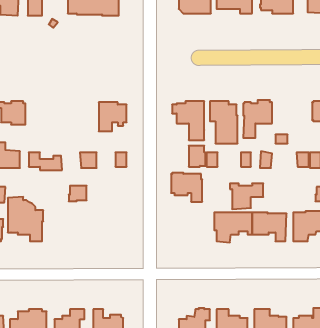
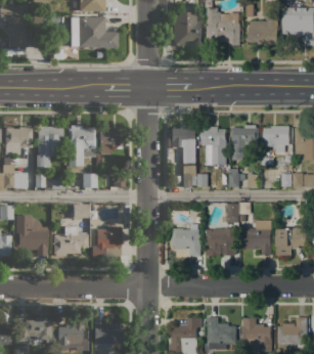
building: none -> [66,126,94,166]
building: none -> [35,127,62,169]
building: none -> [263,127,288,153]
building: [171,173,202,202] -> [171,229,199,256]
building: none -> [52,227,86,256]
building: none -> [91,229,120,257]

